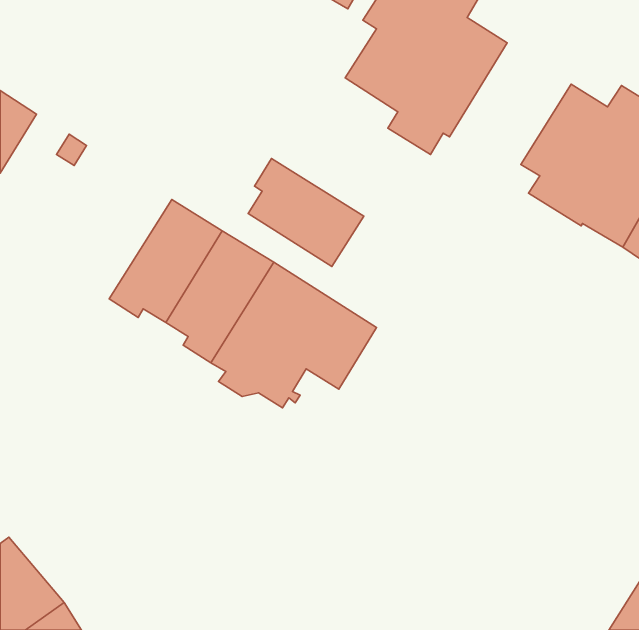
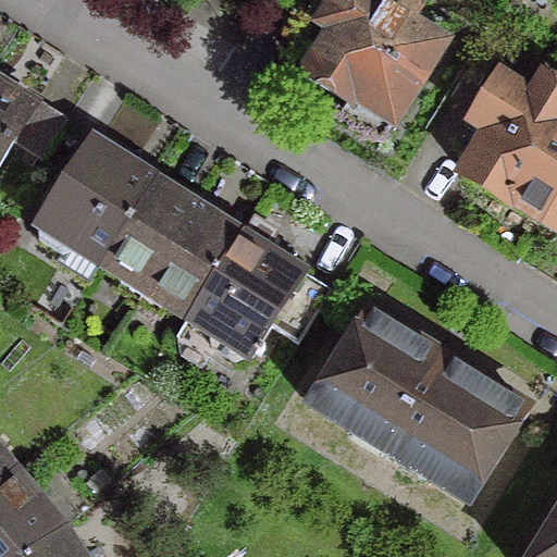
building: none -> [34,133,151,259]
building: [248,159,364,266] -> none
building: none -> [307,306,524,498]

